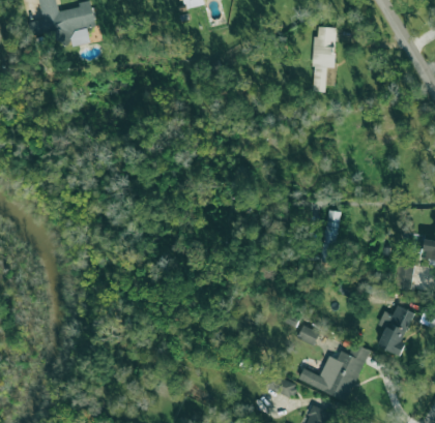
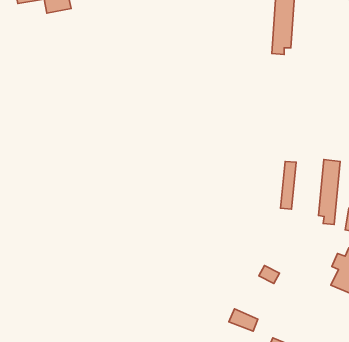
building: none -> [319,159,340,224]
building: [298,342,370,401] -> none

